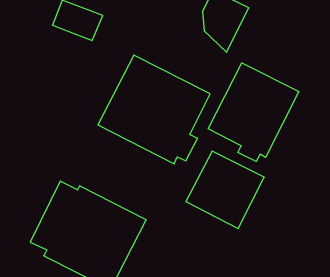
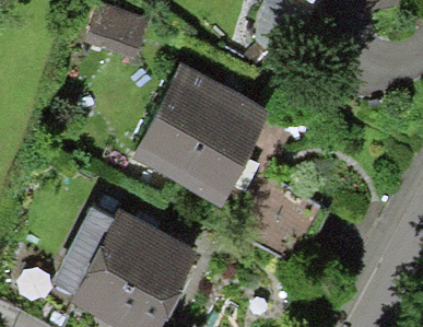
building: [208,63,299,161] -> none

